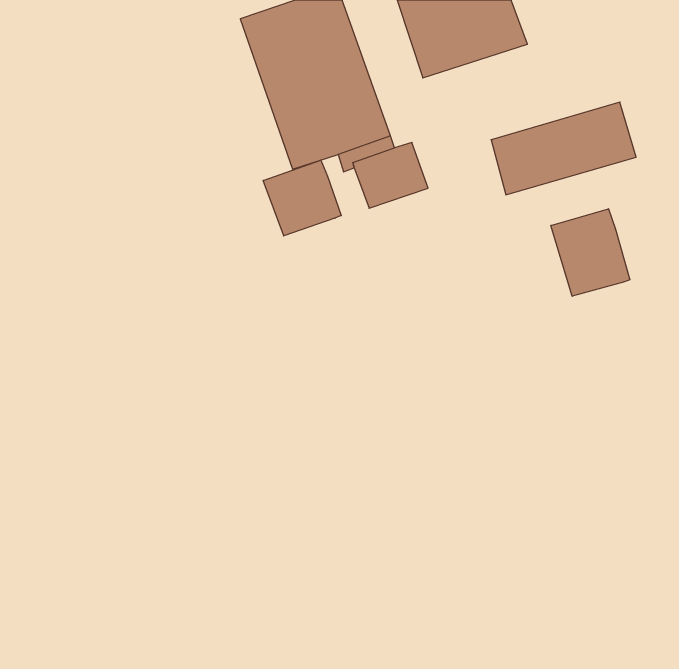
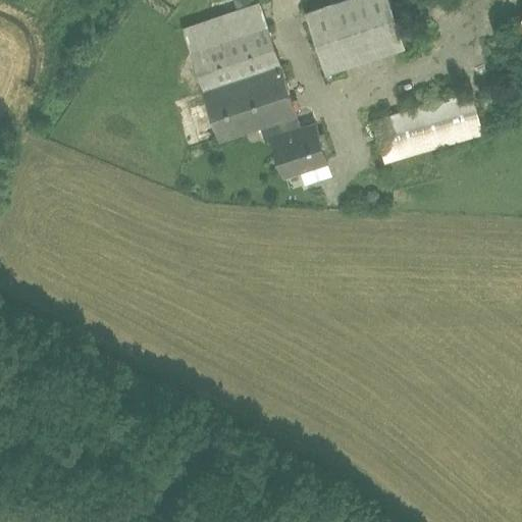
building: [263,160,341,236] -> none
building: [551,209,630,296] -> none

